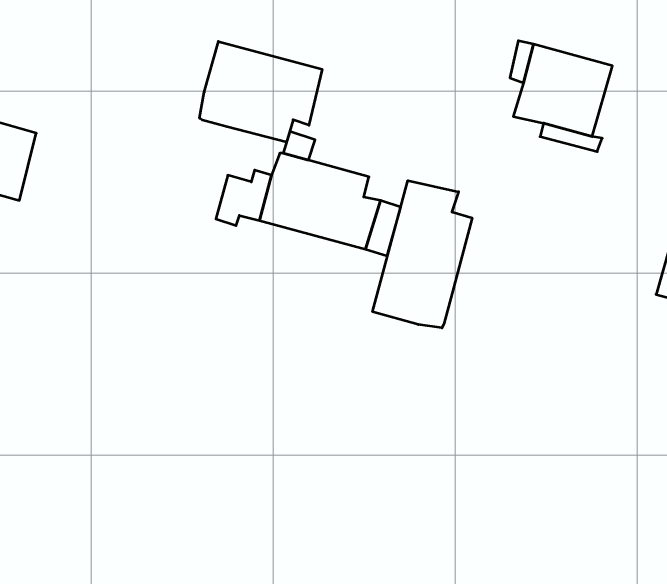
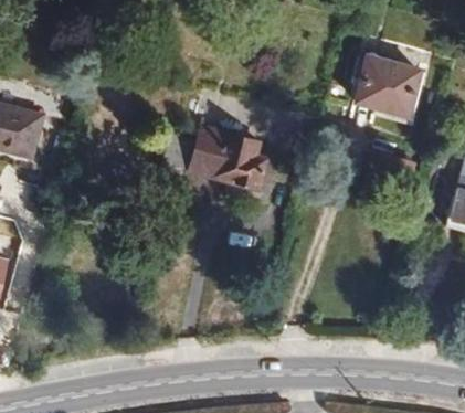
building: [200,41,322,142] -> none
building: [373,181,472,328] -> none

